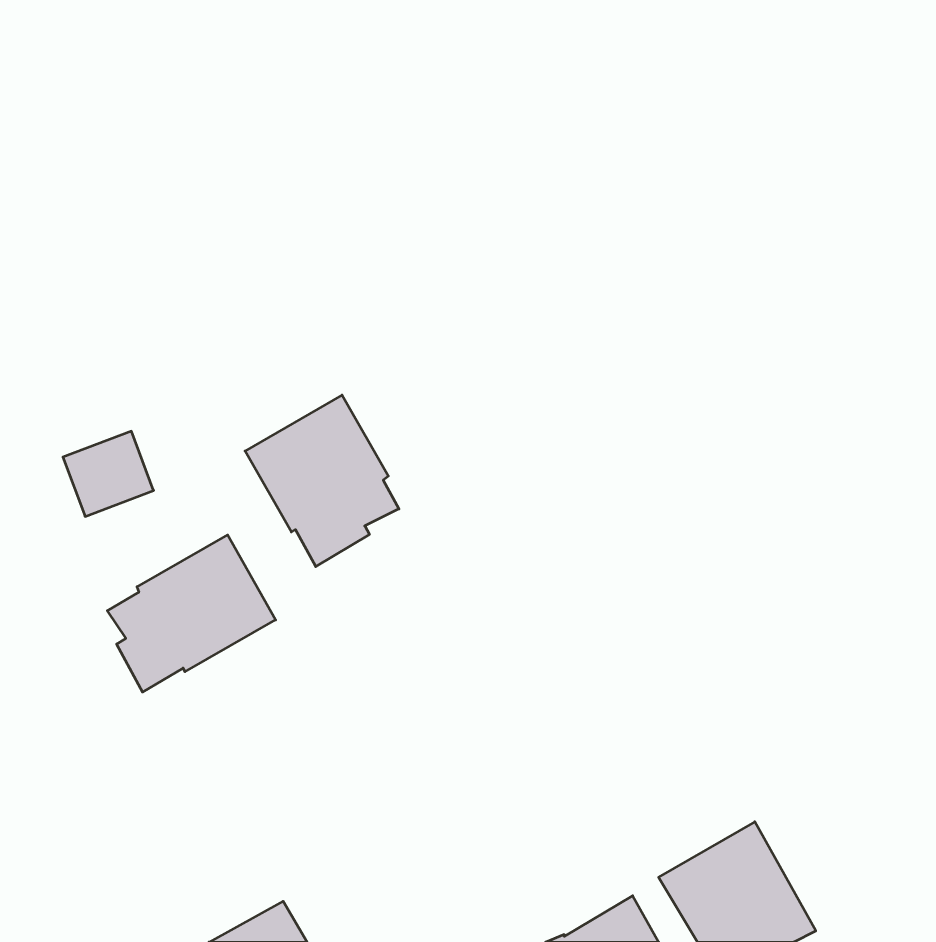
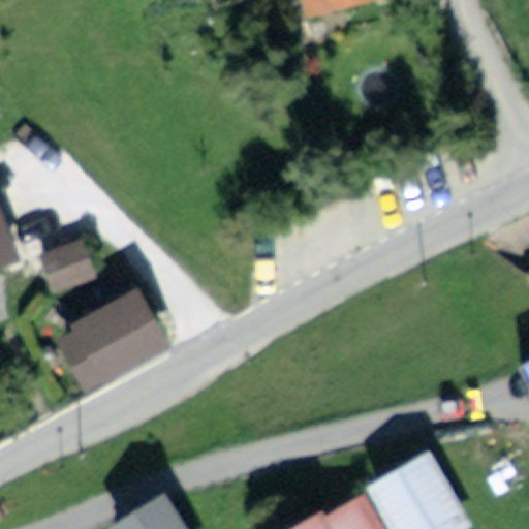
building: [245,395,399,567] -> none

